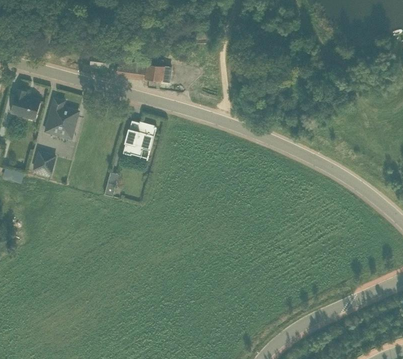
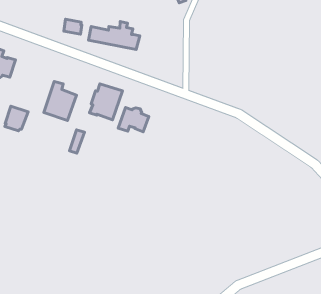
building: [44,98,78,139] -> [44,82,77,121]
building: none -> [118,107,149,132]

